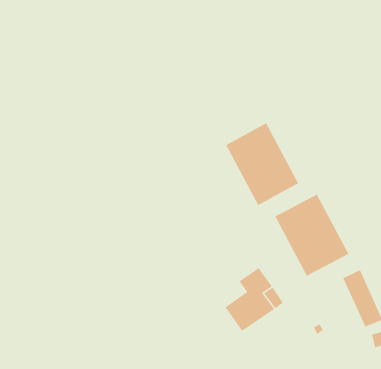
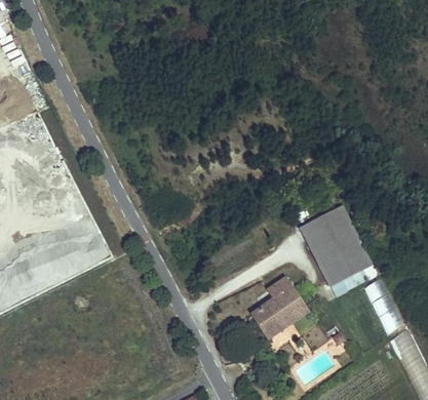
building: [225,122,299,206] -> none

